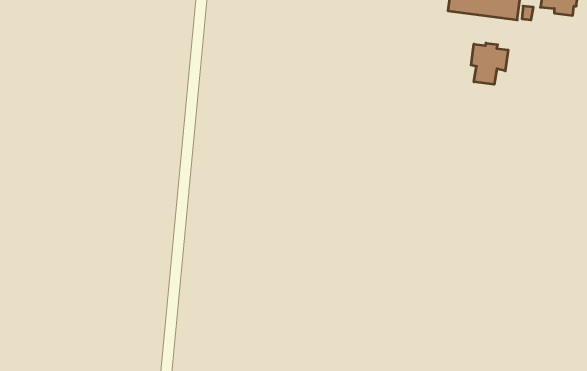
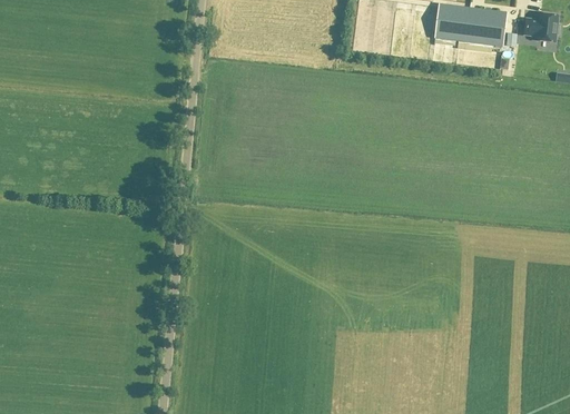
building: [471,43,508,84] -> none

